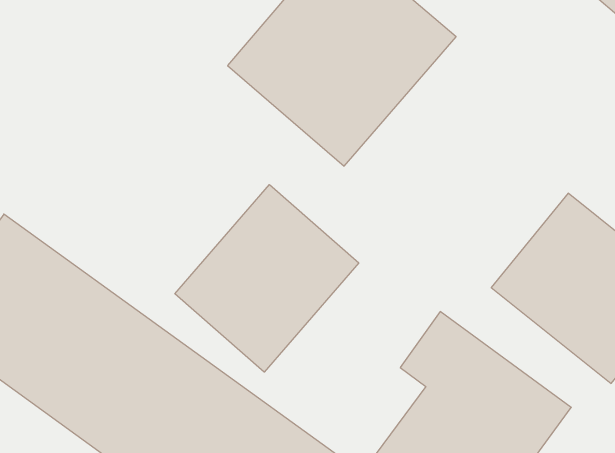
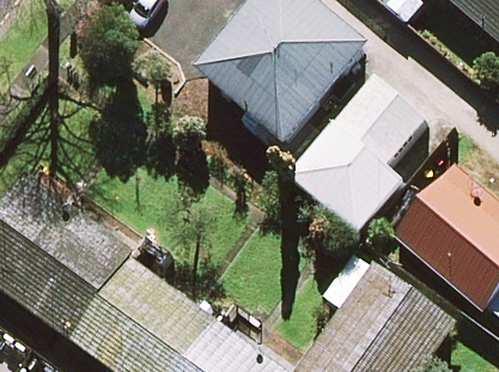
building: none -> [290,74,422,230]
building: [175,185,359,372] -> none

